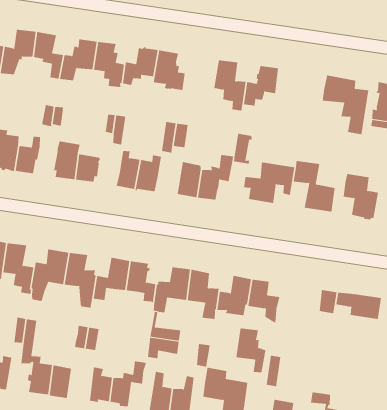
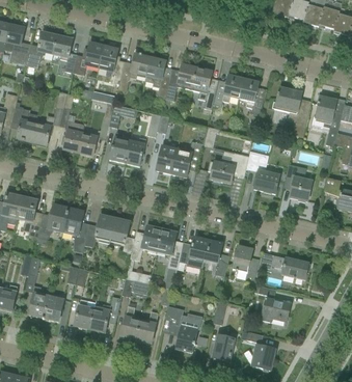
building: none -> [165,63,196,100]
building: none -> [239,78,263,115]
building: [236,328,268,373] -> [233,246,259,282]
building: none -> [258,285,290,321]

